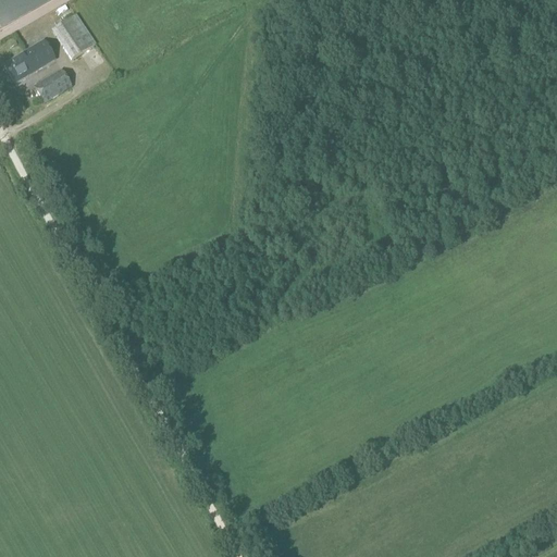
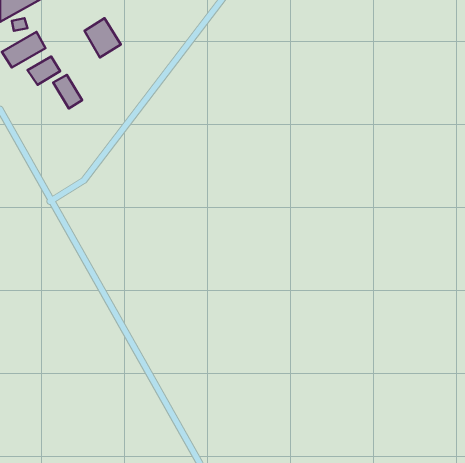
building: [53,11,97,58] -> [84,18,121,57]
building: none -> [53,75,82,109]

